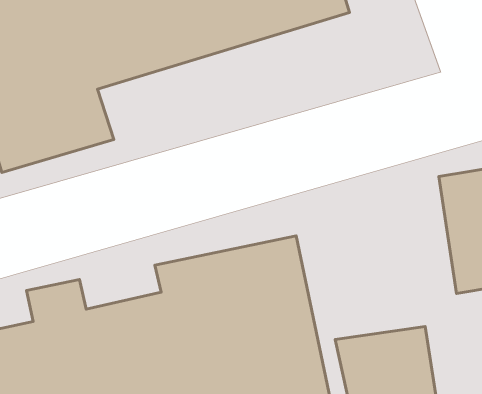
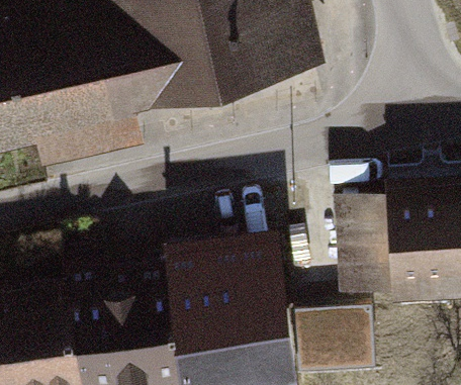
building: none -> [335,195,392,290]

